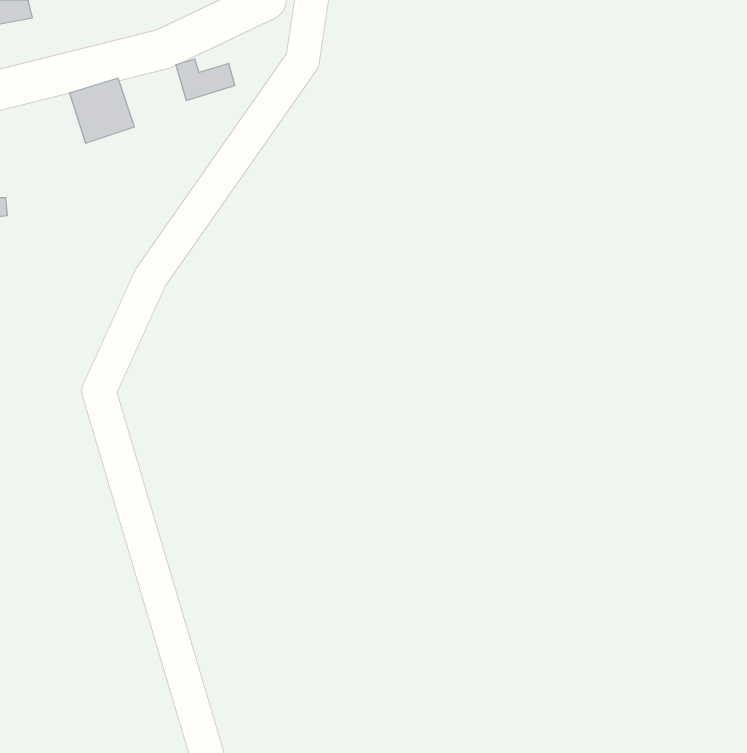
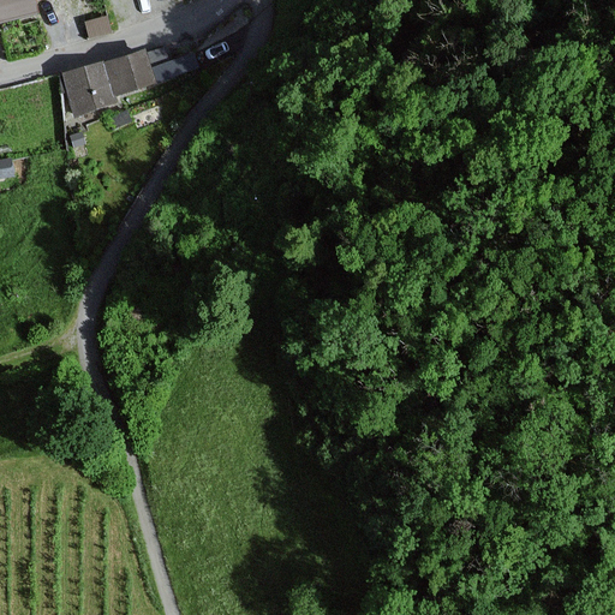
building: none -> [96,50,148,97]

